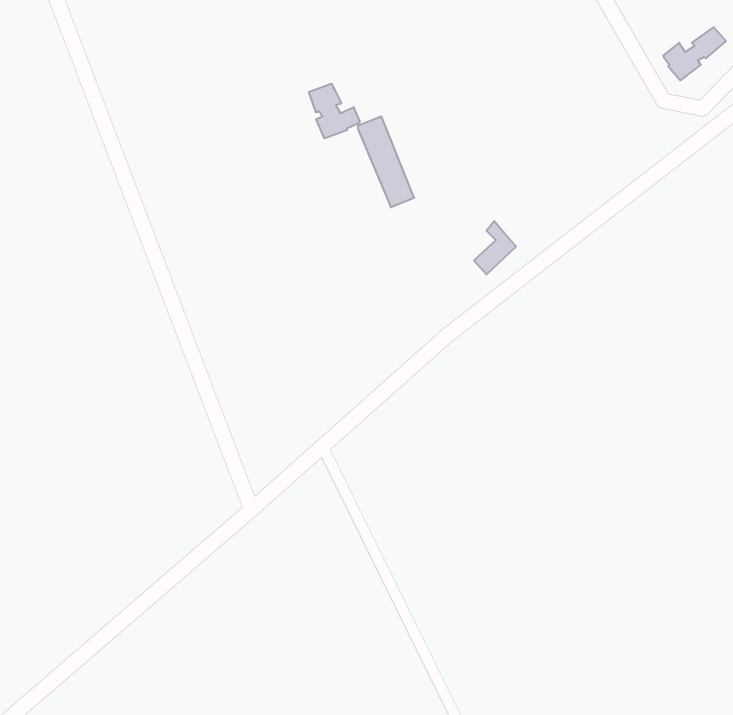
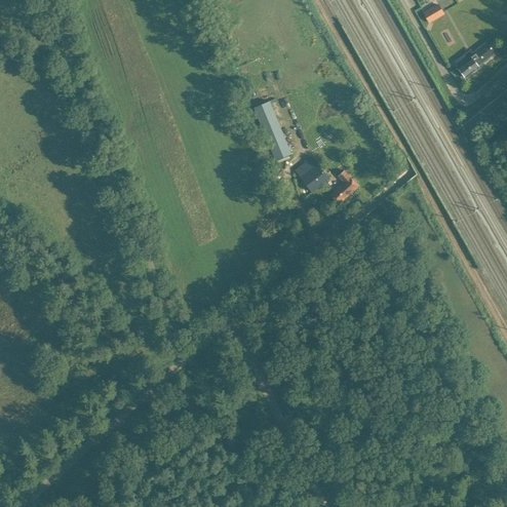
building: [309,84,360,138] -> none
building: none -> [295,157,329,193]

